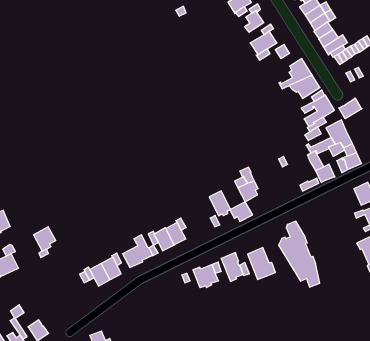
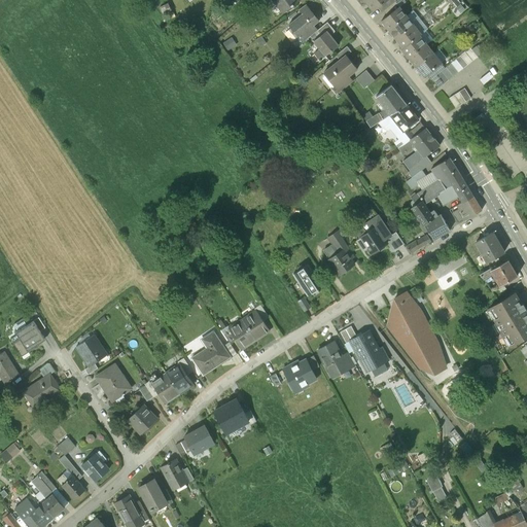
building: [339,98,362,119] -> none
building: [230,202,253,221] -> [357,227,387,253]
building: none -> [96,364,131,400]
building: none -> [128,405,156,434]
building: none -> [214,398,248,433]
building: none -> [184,425,214,454]

